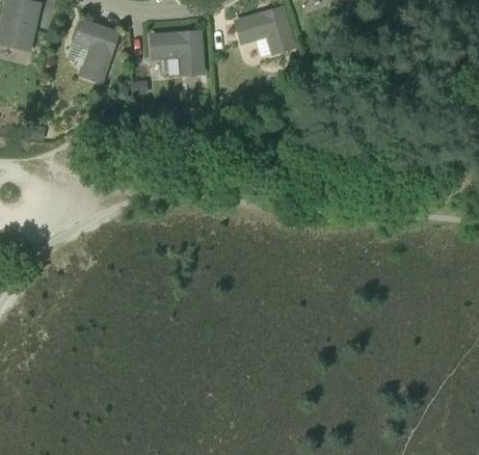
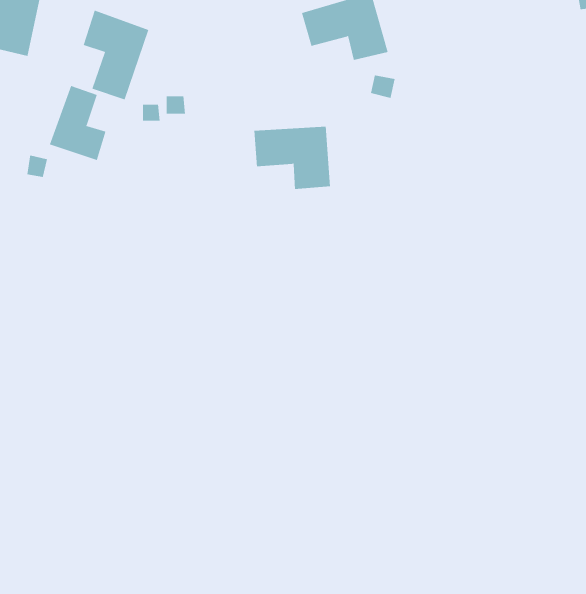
building: [148,29,205,76] -> [253,126,331,189]
building: none -> [49,85,106,161]

